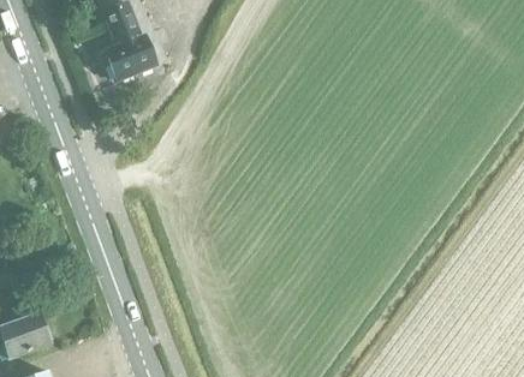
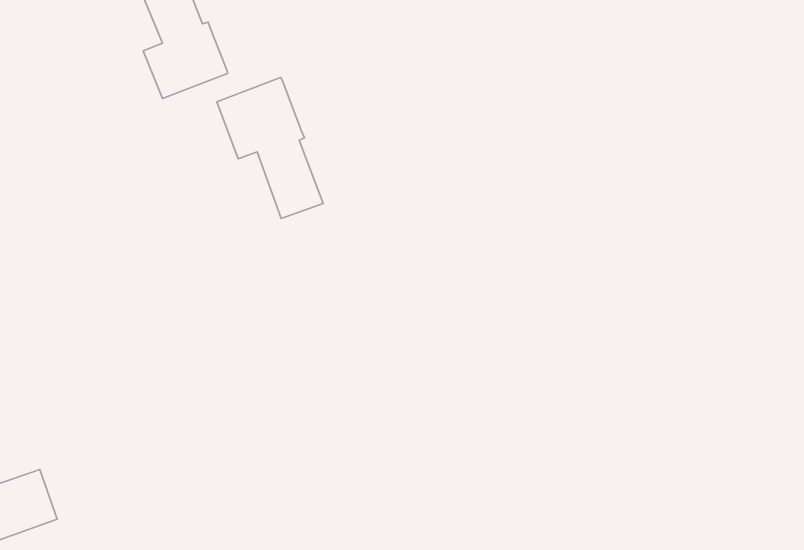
building: none -> [217,77,323,218]

